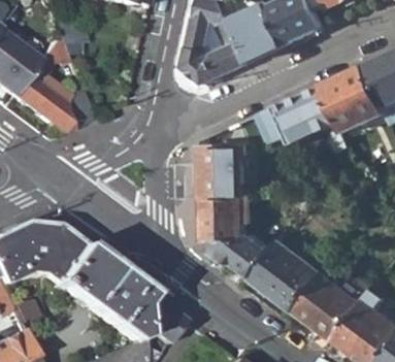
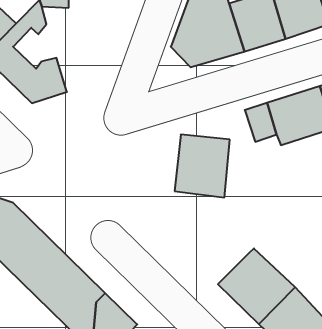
building: [206,196,282,276] -> none

